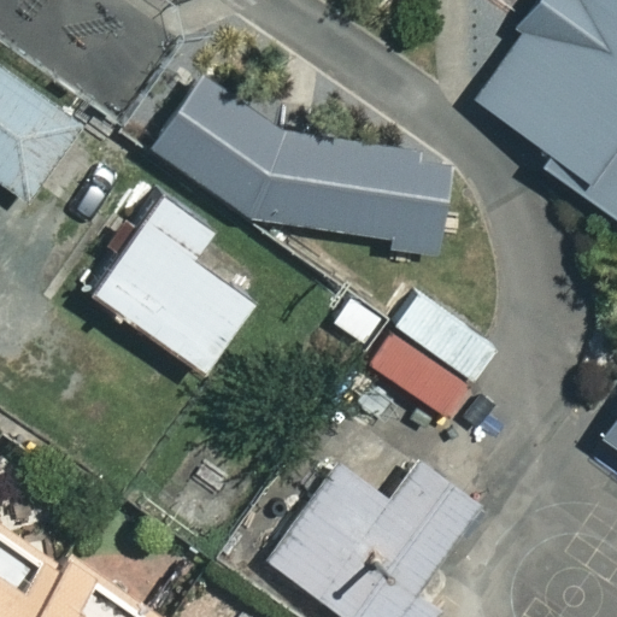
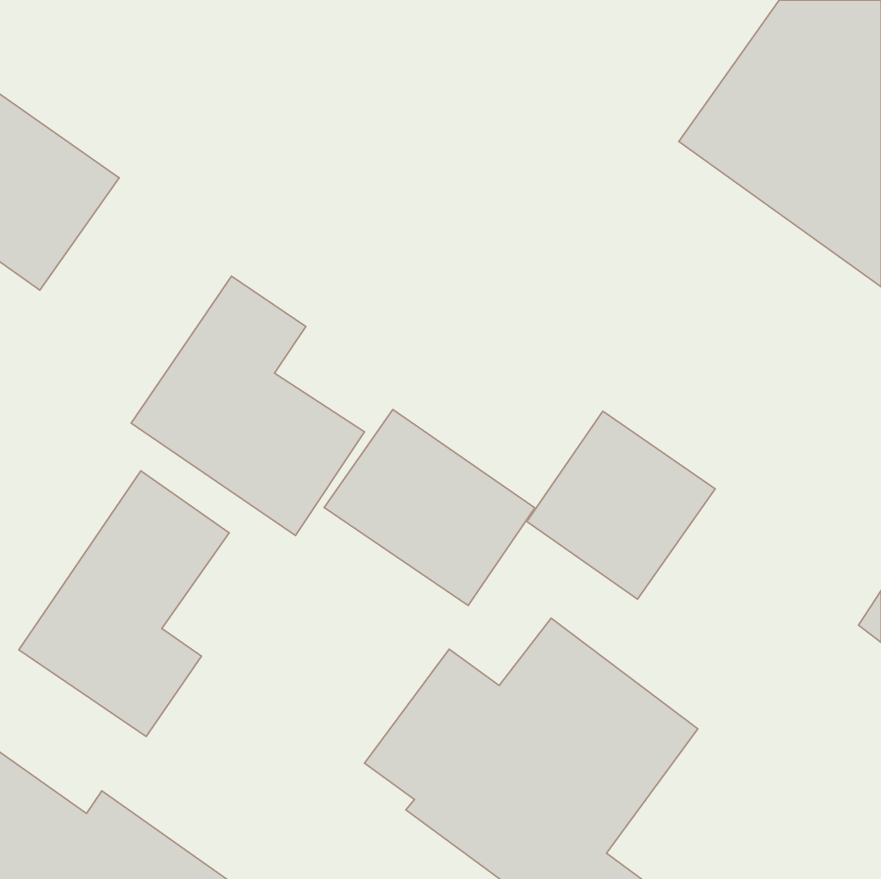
building: [152,74,457,262] -> none
building: none -> [324,409,535,606]
building: none -> [19,471,229,737]

